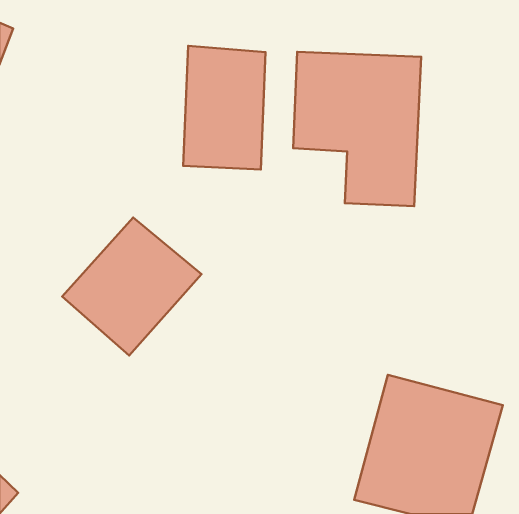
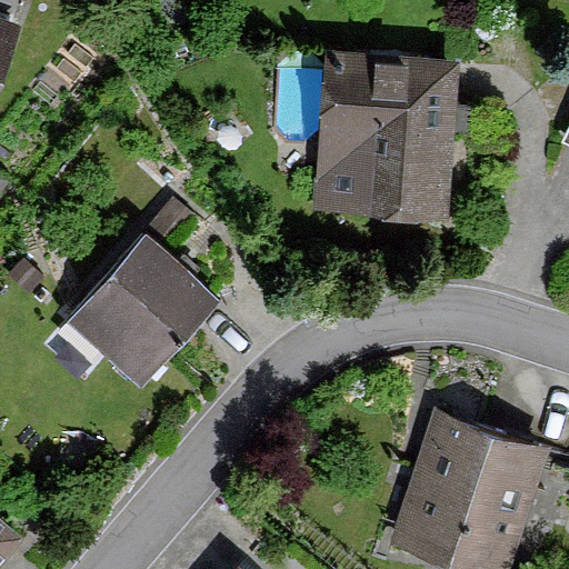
building: [183,46,265,169] -> none

